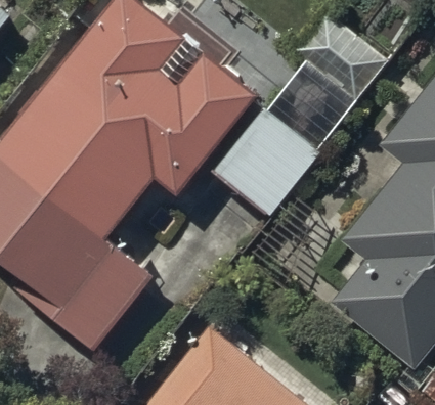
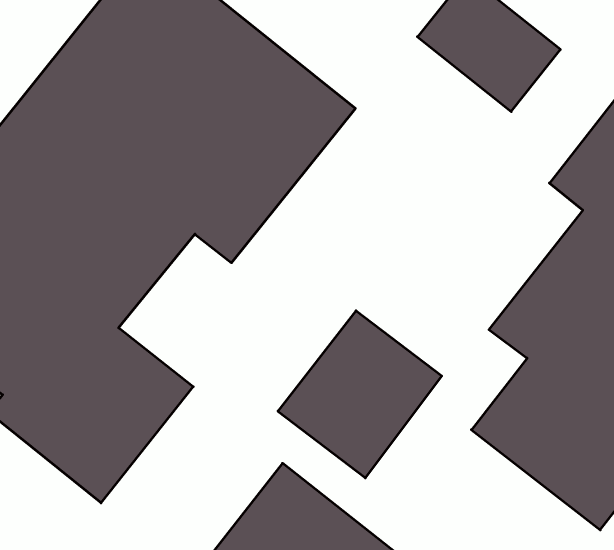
building: [215,110,320,218] -> [278,311,442,478]

